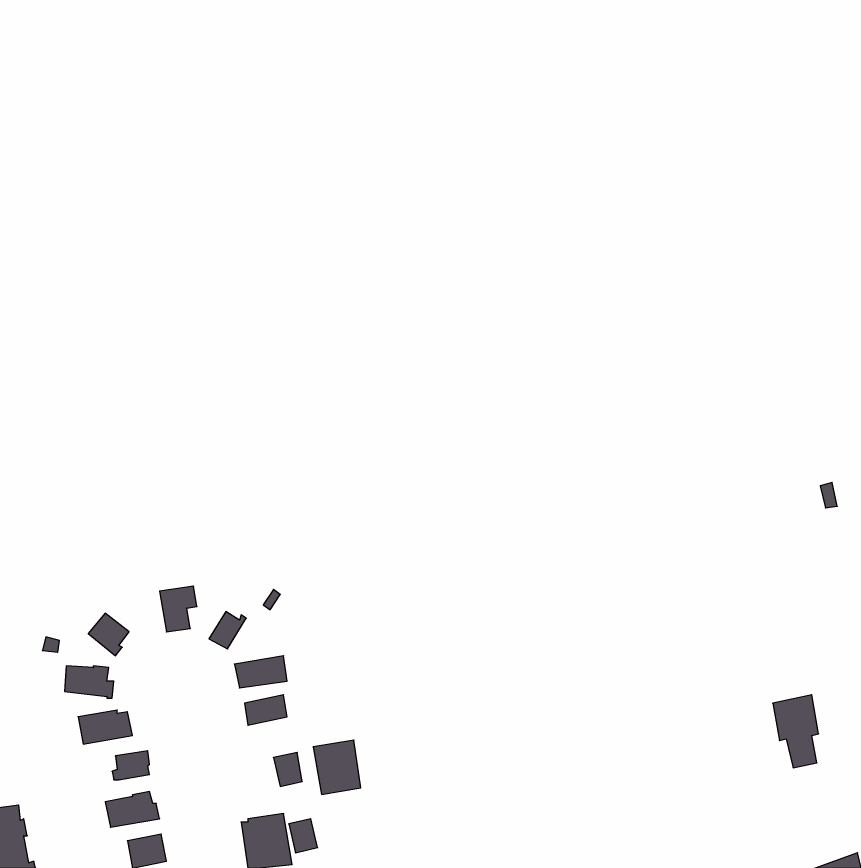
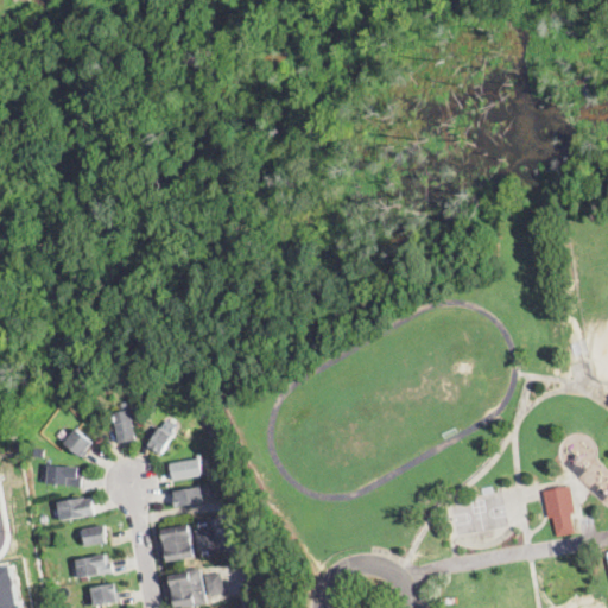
building: [313,740,361,794] -> [159,524,192,562]

